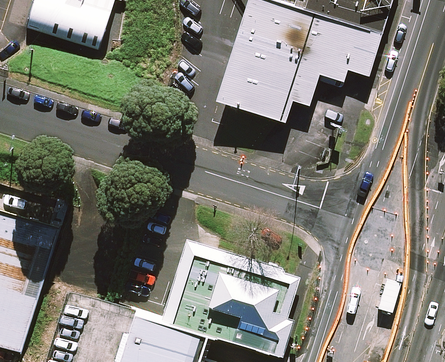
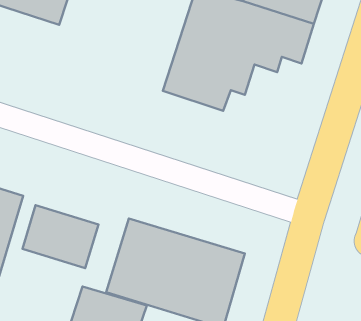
building: none -> [22,205,98,268]

